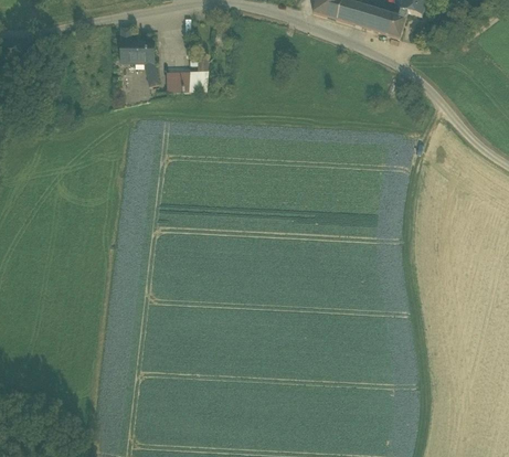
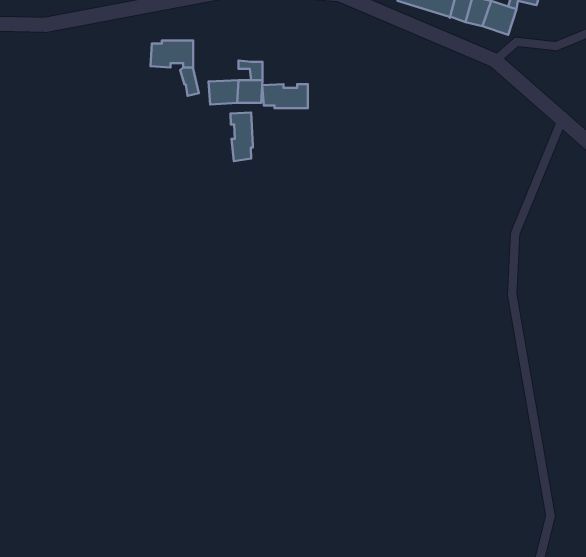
building: none -> [262,84,308,108]
building: none -> [230,112,253,161]

